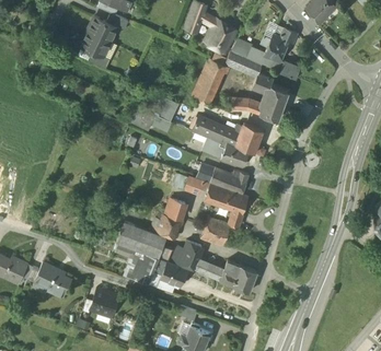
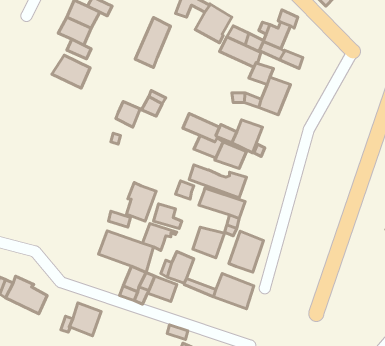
building: [192,58,223,103] -> [135,18,171,68]
building: none -> [52,55,90,88]
building: none -> [127,182,156,221]
building: none -> [229,231,263,272]

